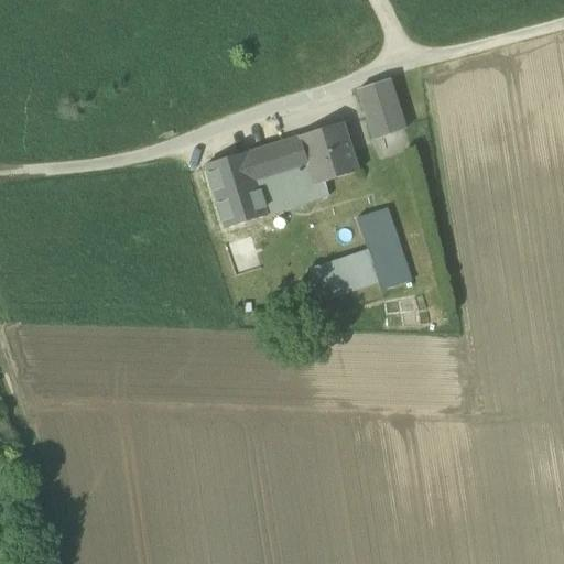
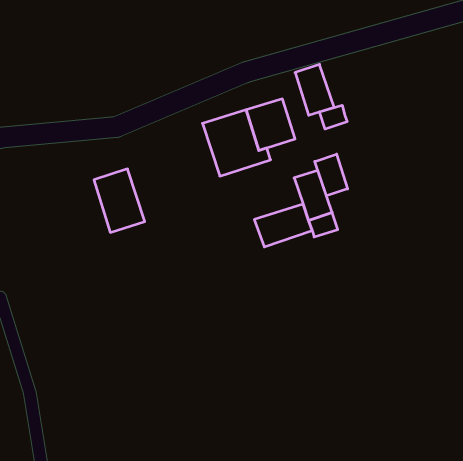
building: none -> [320,105,347,129]
building: [206,150,268,227] -> [94,169,145,232]
building: none -> [315,154,348,196]

